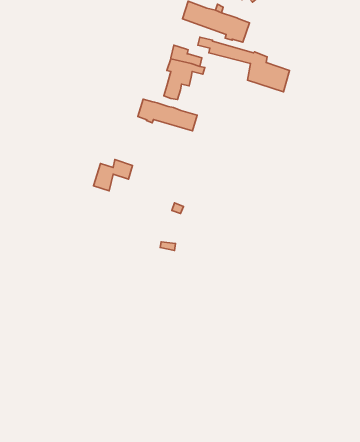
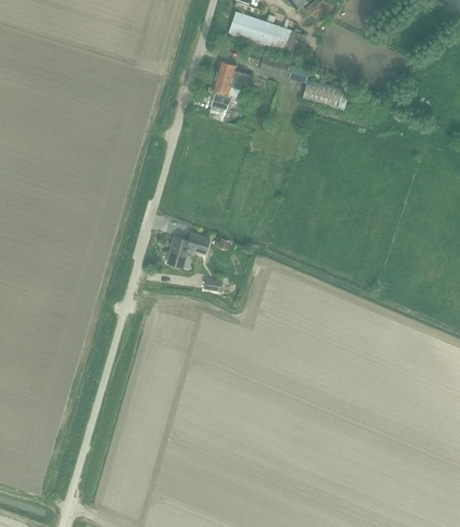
building: [138,99,197,131] -> none
building: [94,160,132,191] -> [165,231,209,266]

